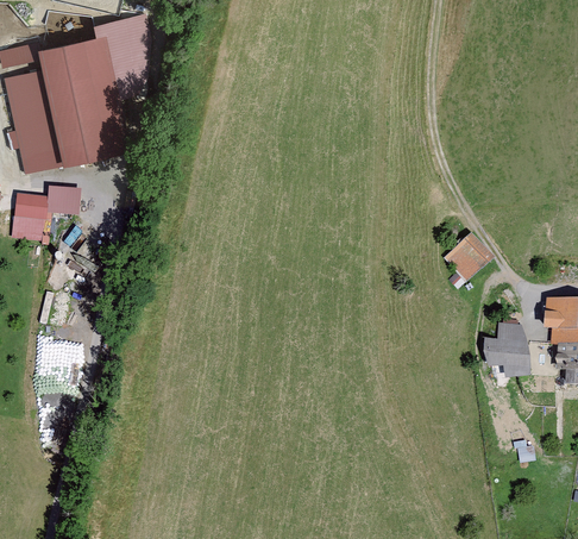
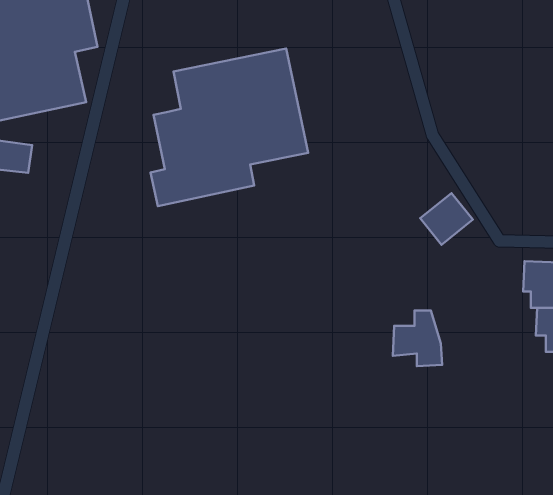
building: none -> [151,48,308,206]
building: [483,325,529,377] -> [393,311,442,366]

